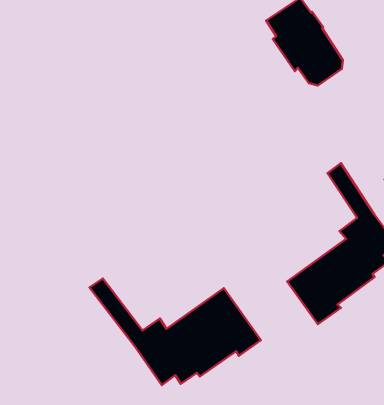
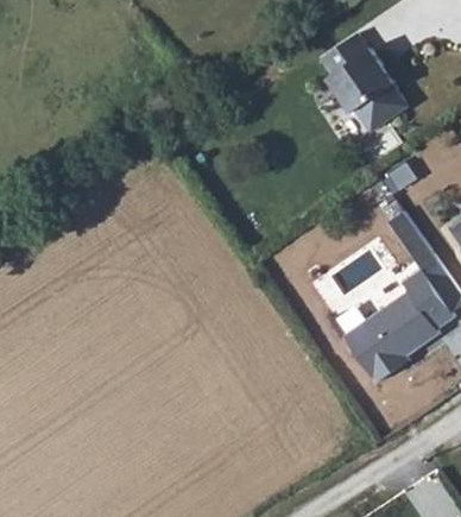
building: [90,279,261,385] -> none

